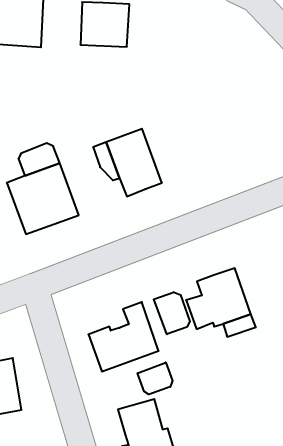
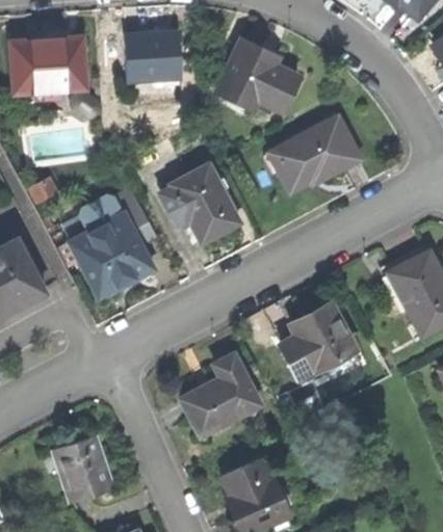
building: none -> [218,44,298,114]
building: none -> [268,117,359,191]
building: [154,292,190,334] -> none
building: [138,362,172,394] -> none

